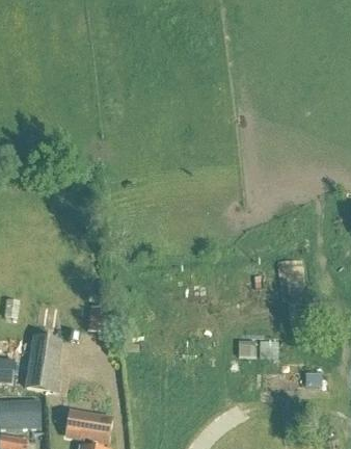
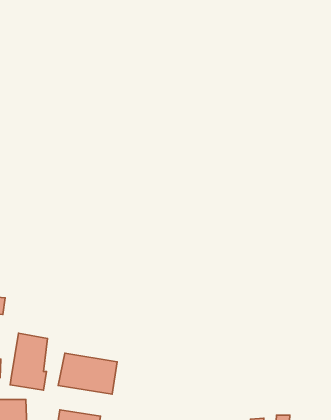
building: none -> [58,353,117,394]

